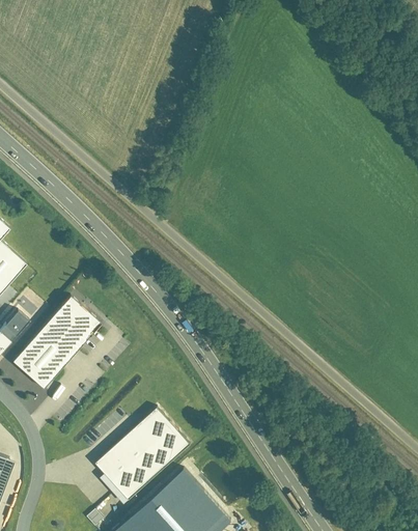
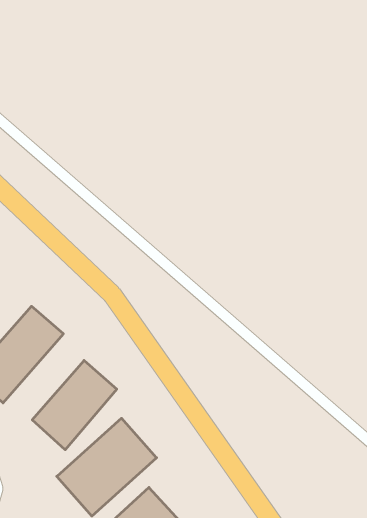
building: none -> [32,360,117,450]

